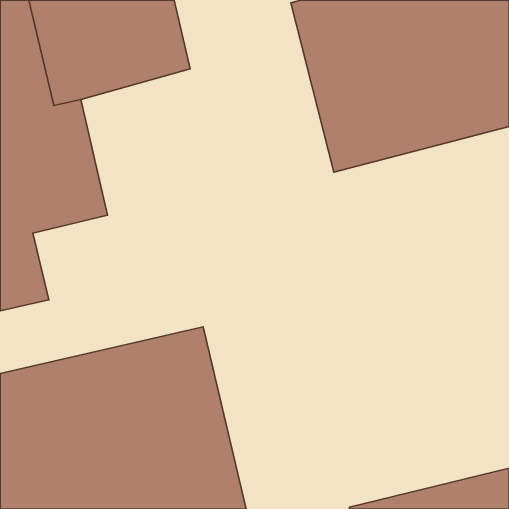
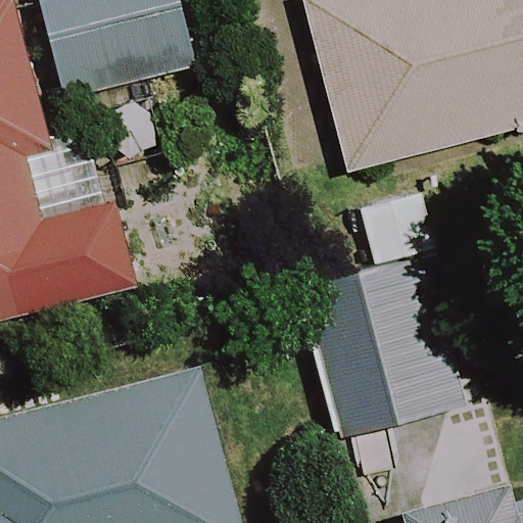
building: none -> [294,278,461,446]

